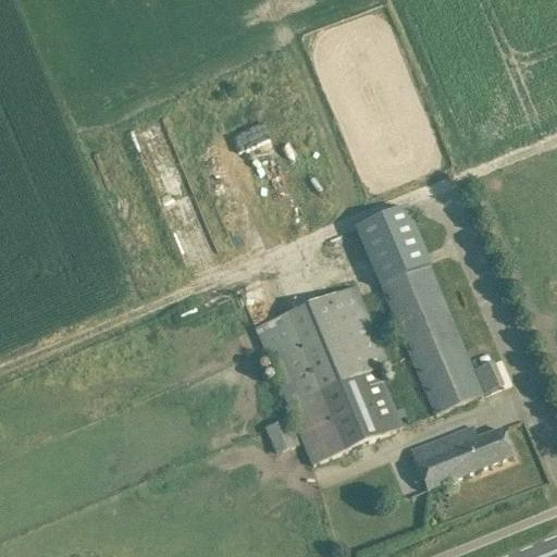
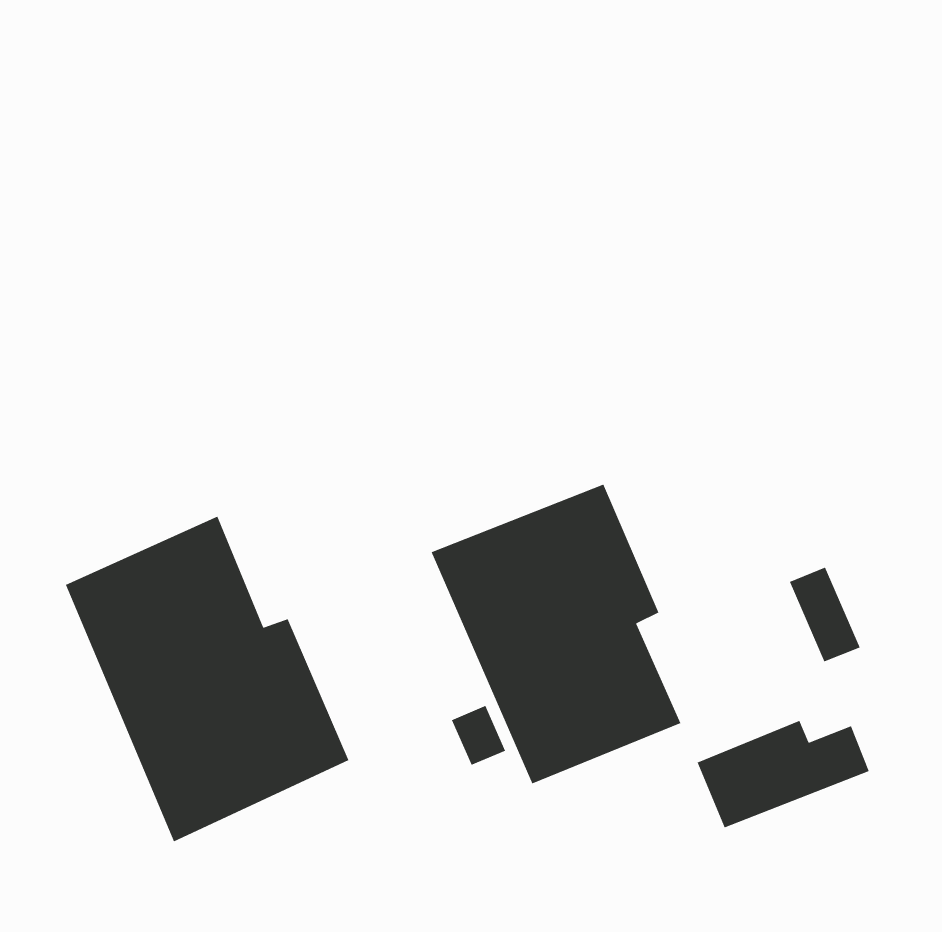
building: [355,205,482,411] -> none
building: none -> [65,516,349,843]

